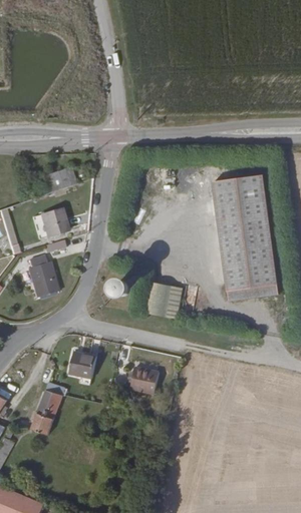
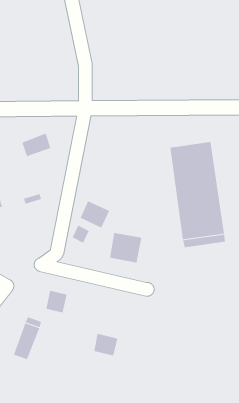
building: [35,207,68,236] -> none
building: none -> [80,200,110,228]
building: [29,253,57,296] -> none
building: [130,368,160,395] -> [93,333,118,356]

